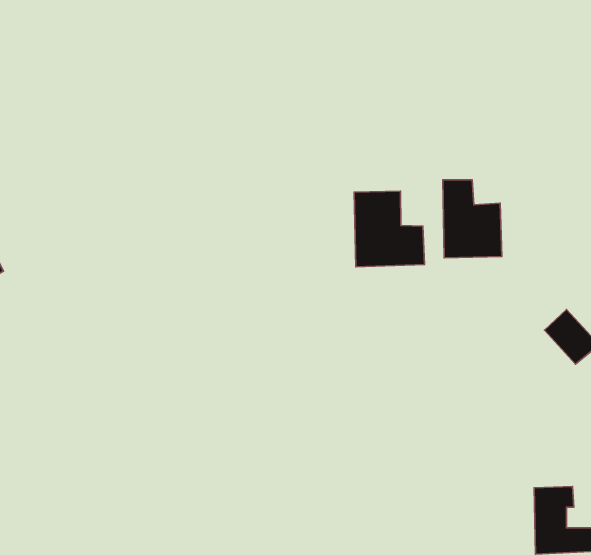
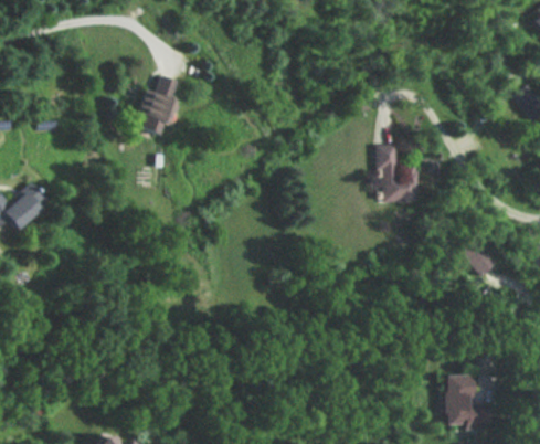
building: none -> [136,73,179,136]
building: [354,191,424,267] -> none

